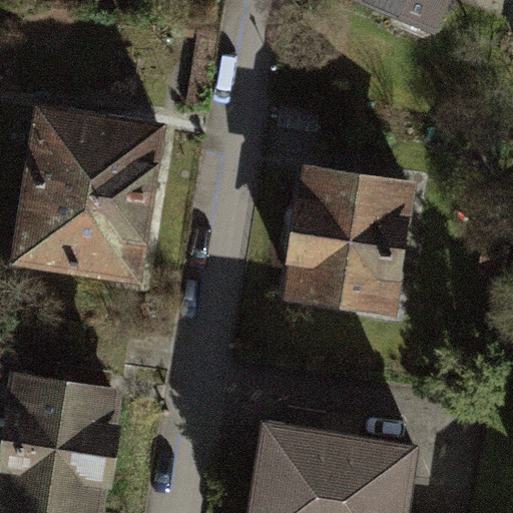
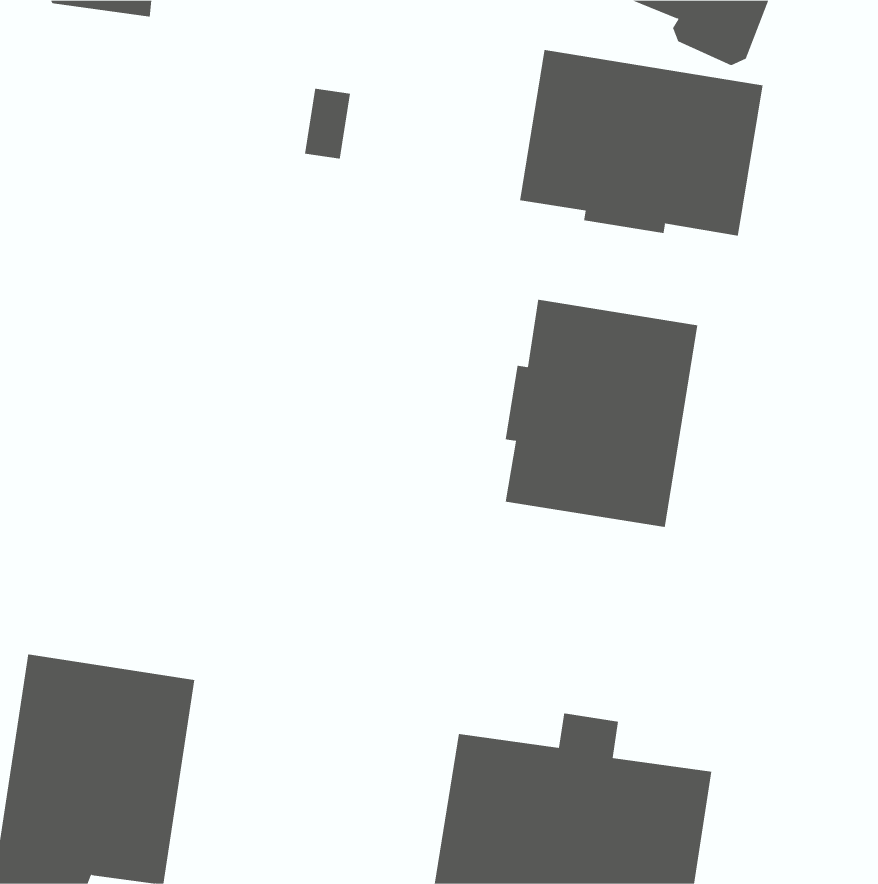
building: none -> [519,49,763,236]
building: [14,109,157,278] -> none

